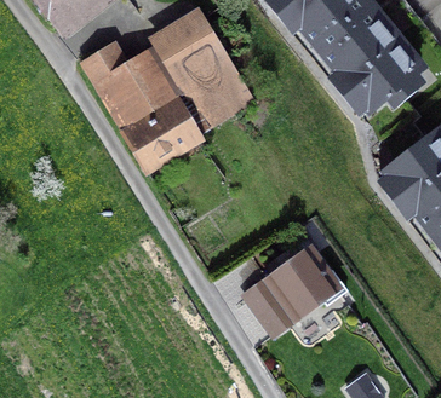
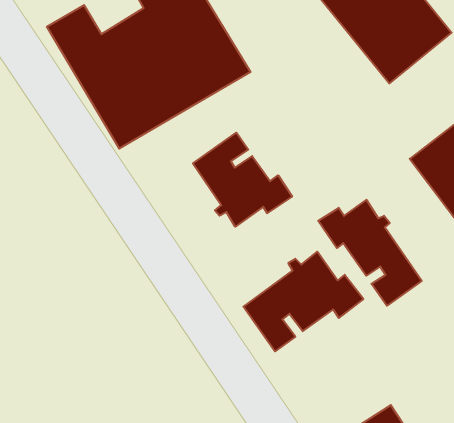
building: none -> [193,133,292,227]
building: none -> [318,200,422,306]

